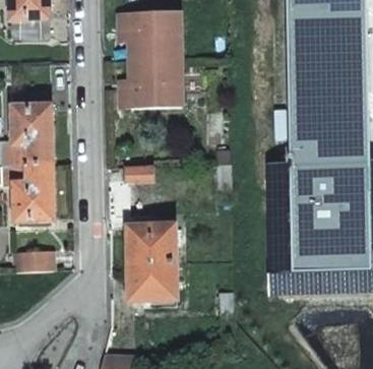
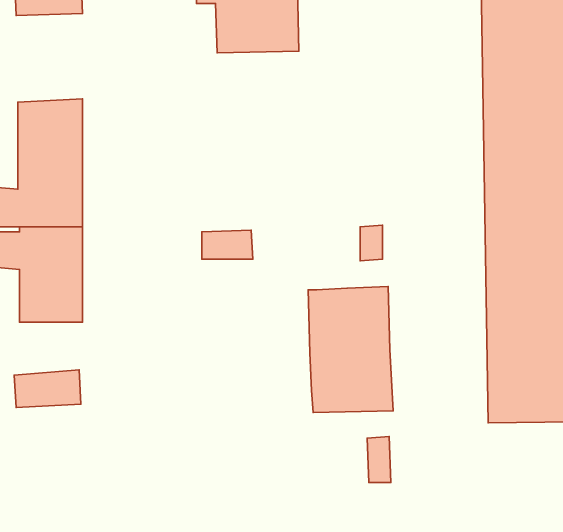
building: [119,60,180,108] -> none
building: [124,225,175,300] -> [308,286,393,413]

